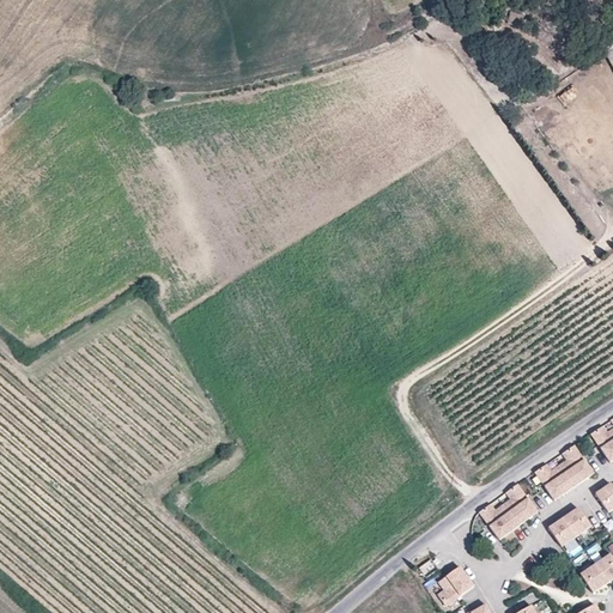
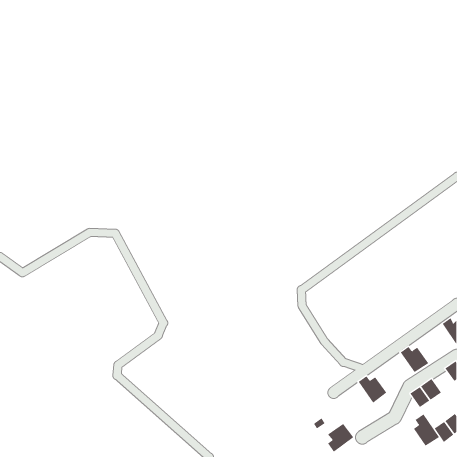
building: [559,444,594,486] -> none
building: [503,484,538,526] -> none
building: none -> [413,413,440,447]

